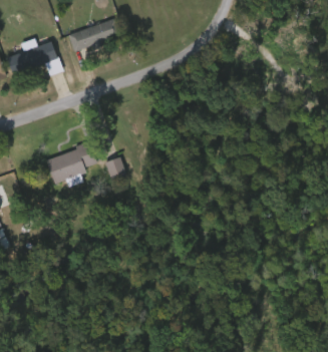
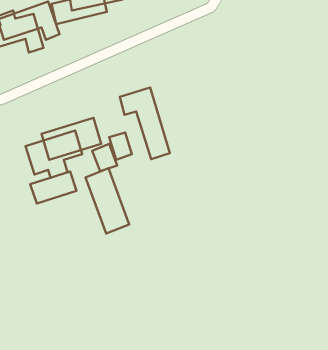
building: none -> [120,87,170,159]
building: none -> [85,168,129,234]
building: none -> [30,172,77,204]

